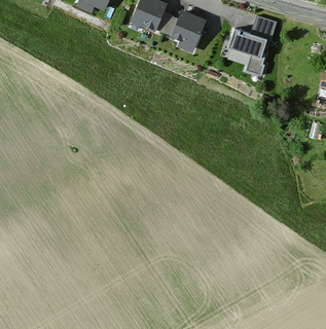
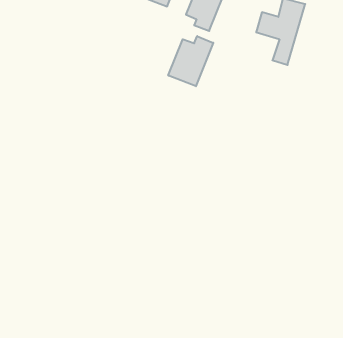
building: none -> [168,36,213,86]

